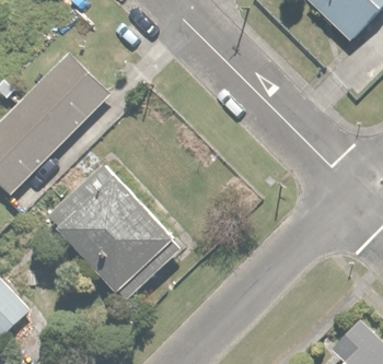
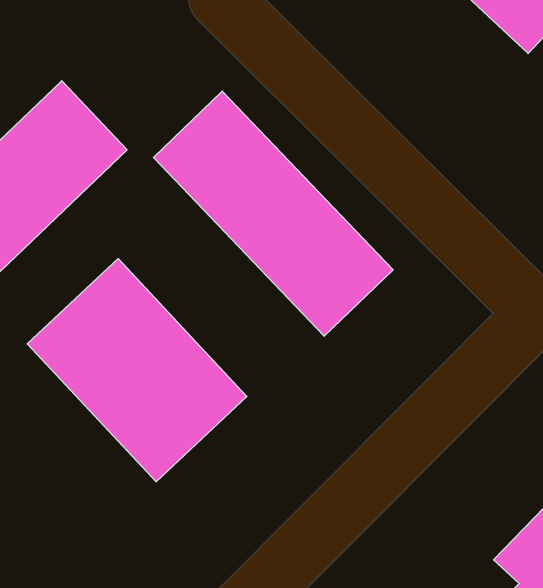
building: none -> [153,91,393,336]

